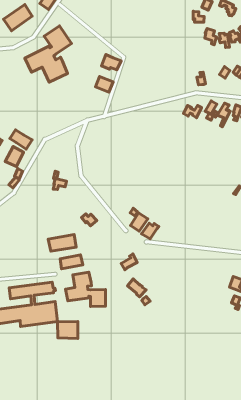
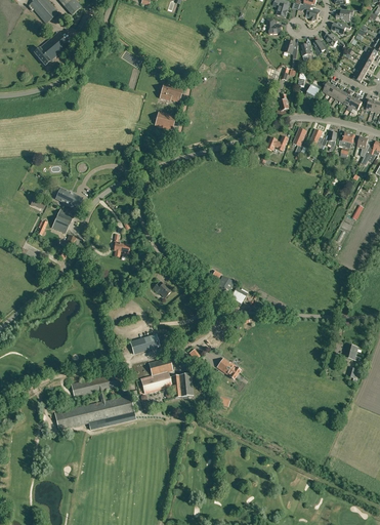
building: [25,26,72,82] -> none
building: [48,235,76,251] -> none
building: [57,322,78,339] -> none

